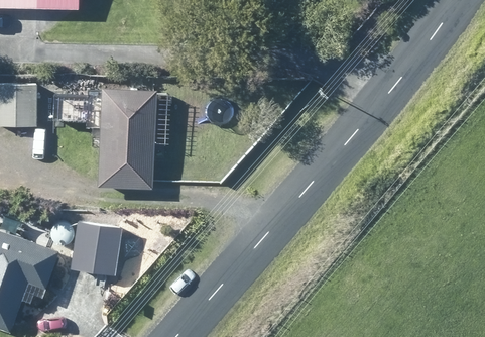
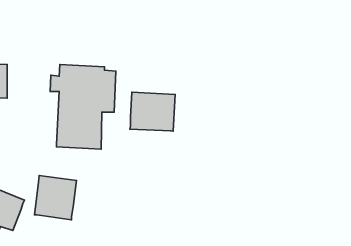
building: none -> [130,92,175,131]

